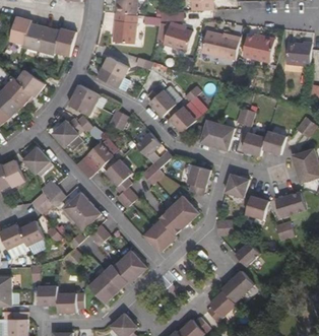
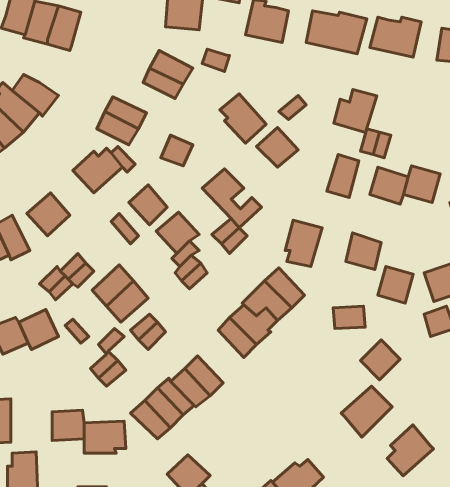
building: [51,29,75,57] -> none
building: [193,118,220,145] -> [334,89,377,133]
building: [208,288,238,321] -> [387,425,433,476]

